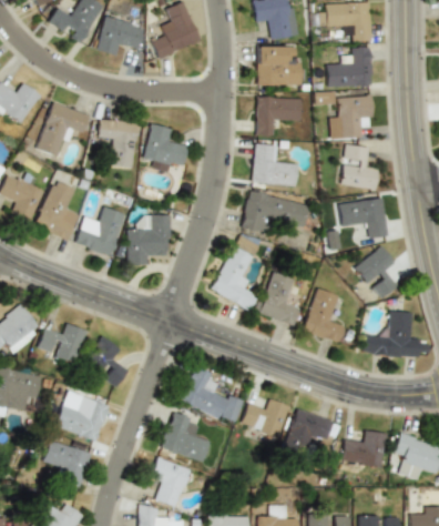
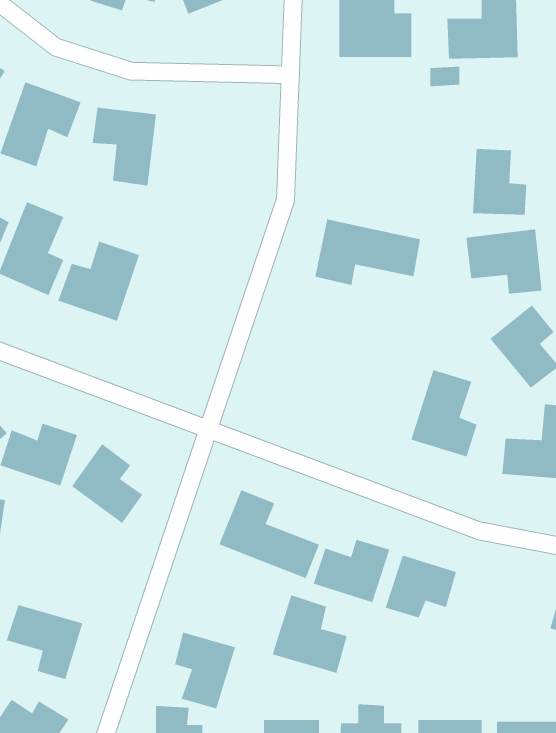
building: [329,95,374,139] -> none
building: [256,98,302,135] -> none
building: [144,124,188,173] -> none
building: [252,143,298,188] -> none
building: [127,215,171,265] -> none
building: [210,232,262,312] -> none
building: [258,272,302,327] -> none
building: [54,395,109,442] -> none
building: [160,411,208,462] -> [272,595,347,673]
building: [340,431,387,468] -> none

